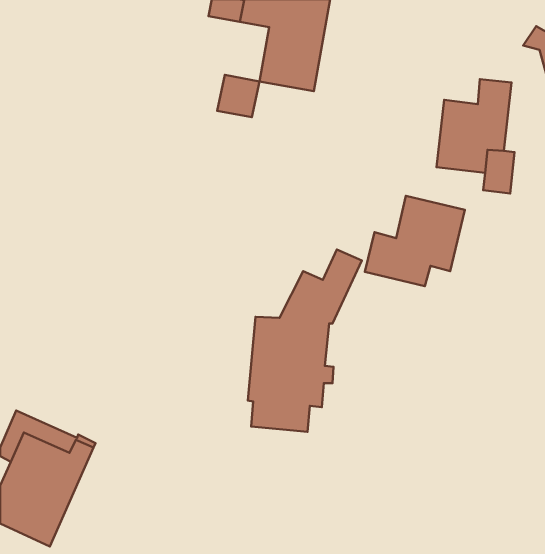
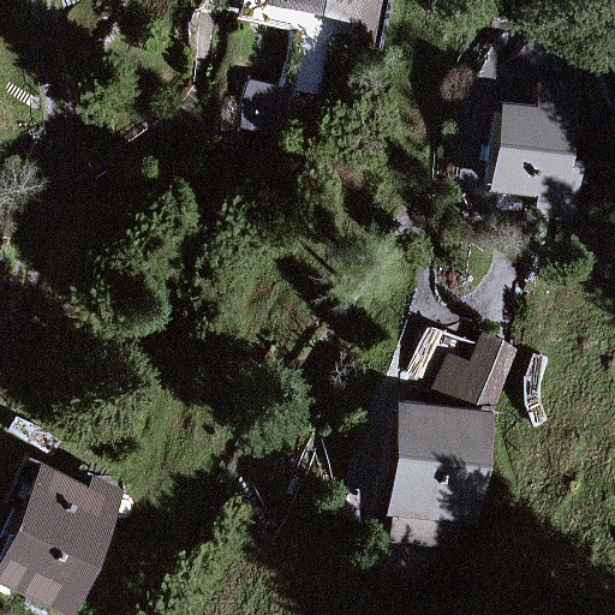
building: [365,196,465,286] -> none
building: [248,249,362,432] -> [394,340,520,542]

